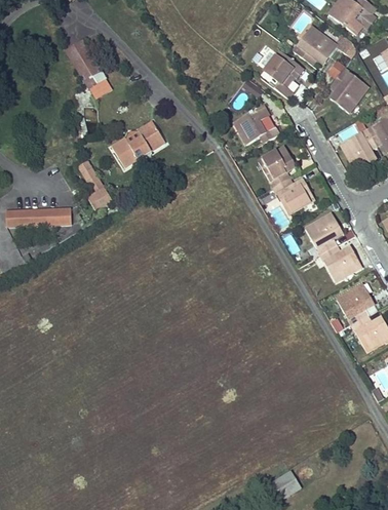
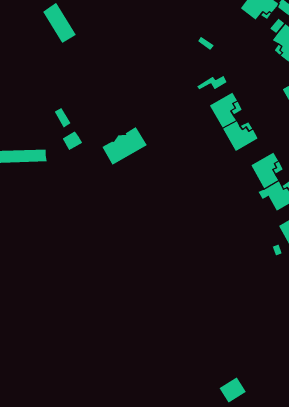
building: [264,49,302,99] -> none
building: [233,105,268,139] -> none
building: [111,123,164,168] -> [101,126,148,166]

